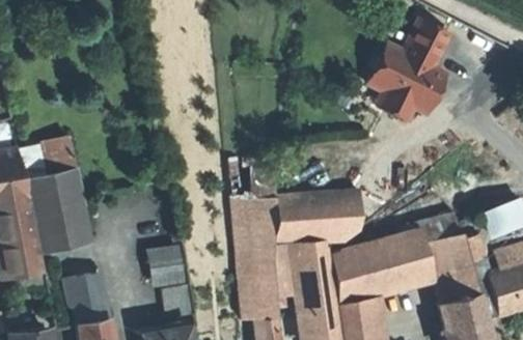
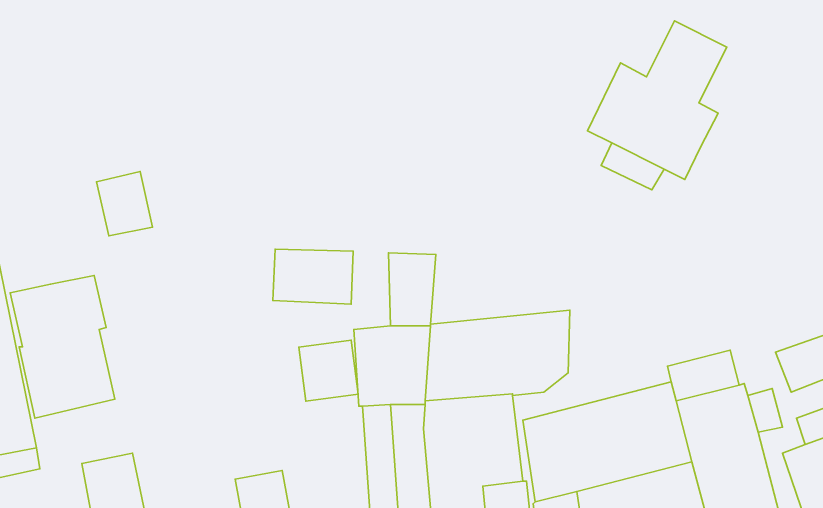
building: [44,136,77,174] -> [97,171,152,236]
building: none -> [273,249,353,304]
building: [149,248,185,284] -> [299,340,358,401]

